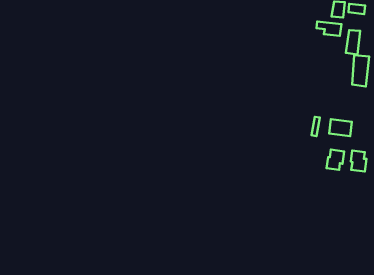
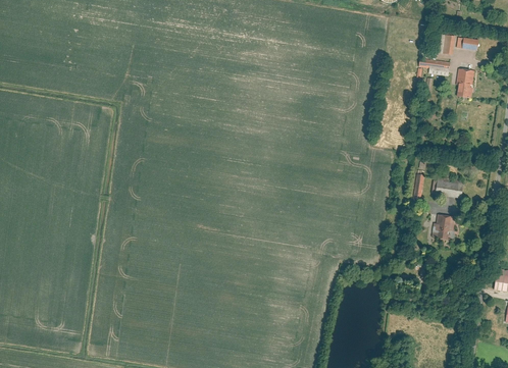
building: [352,55,369,87] -> none
building: [351,150,366,172] -> none

